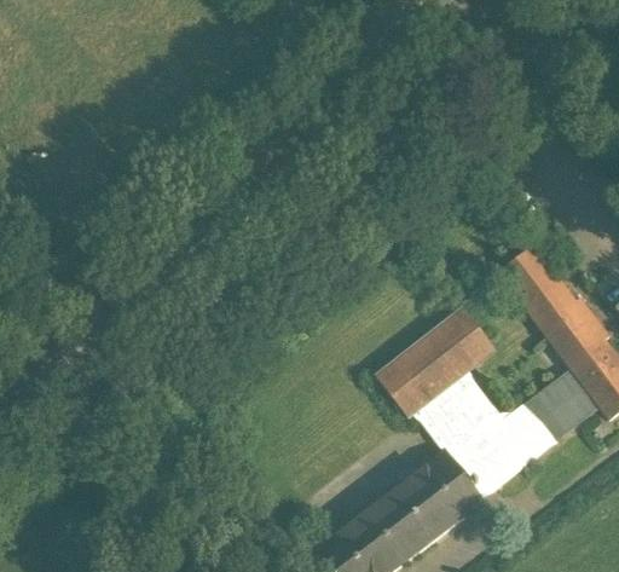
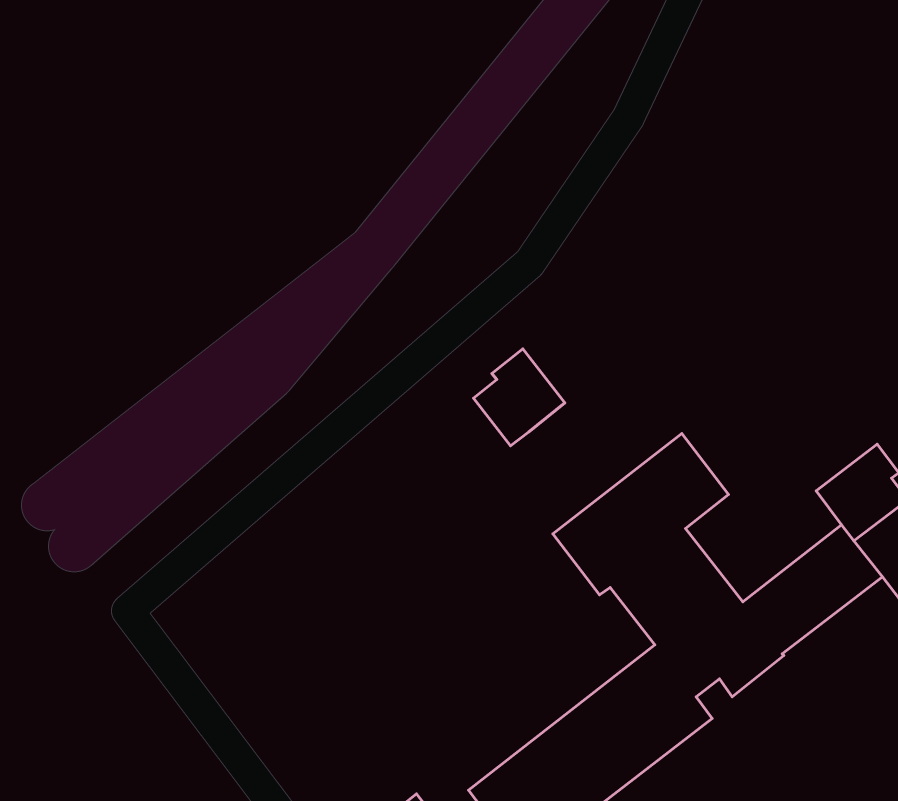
building: [498,244,595,346] -> none
building: none -> [474,349,565,446]

